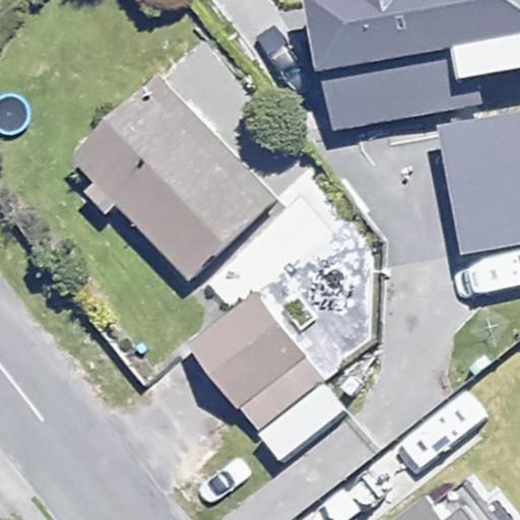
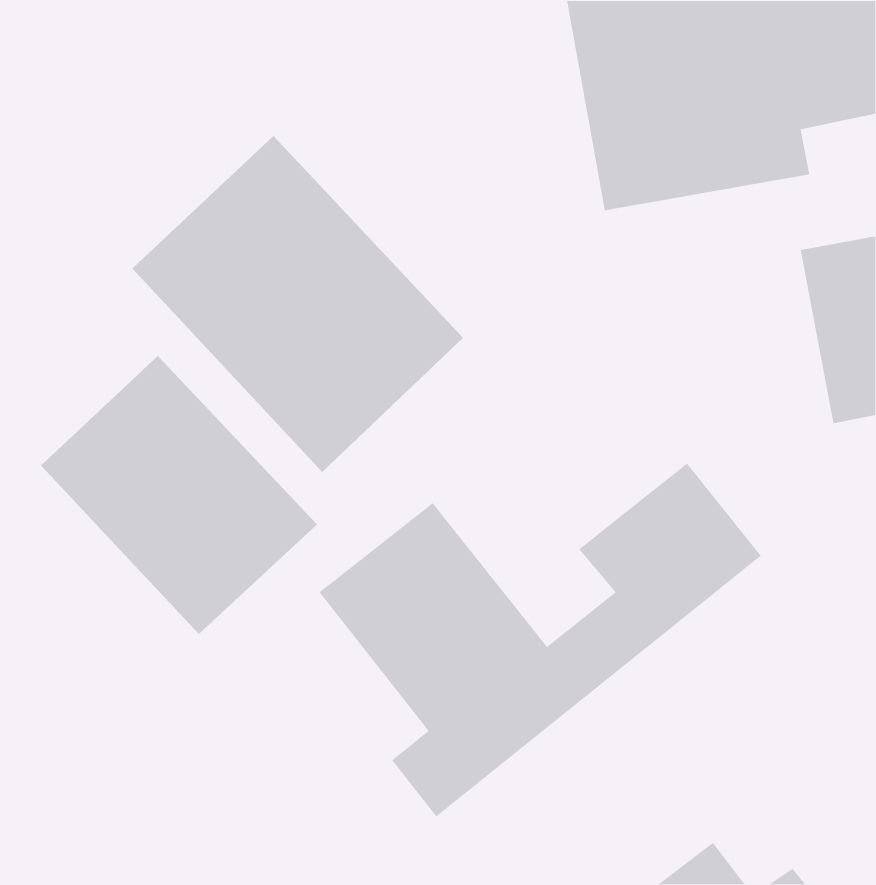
building: none -> [40,355,318,635]

